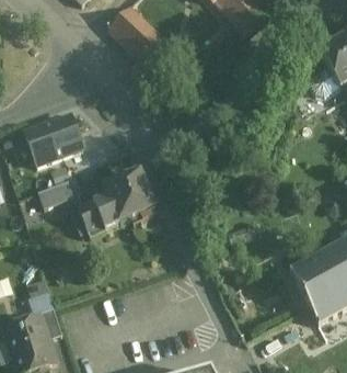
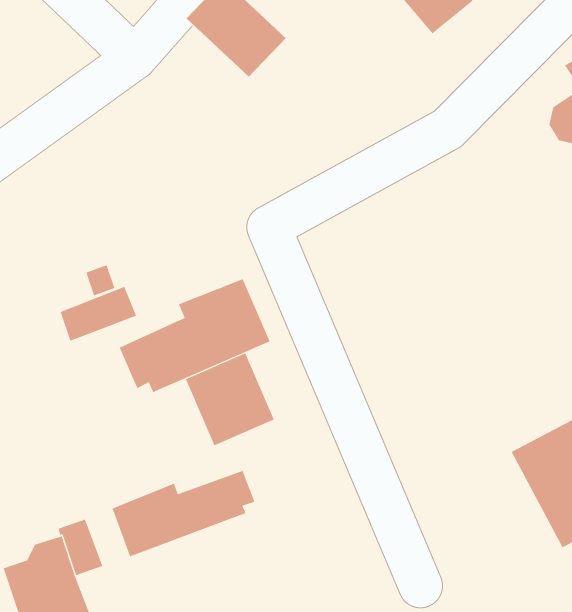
building: [26,113,83,162] -> none
building: none -> [185,352,275,446]
building: none -> [112,470,255,557]

